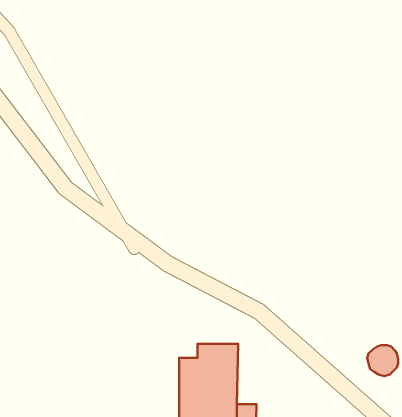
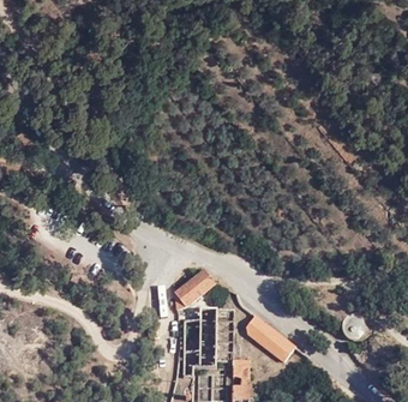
building: none -> [176,269,217,310]
building: none -> [244,317,294,362]

